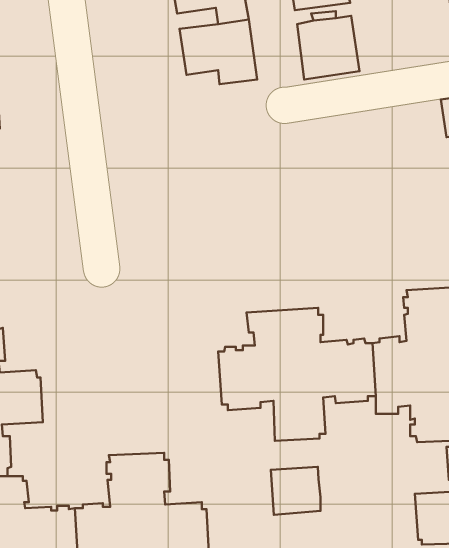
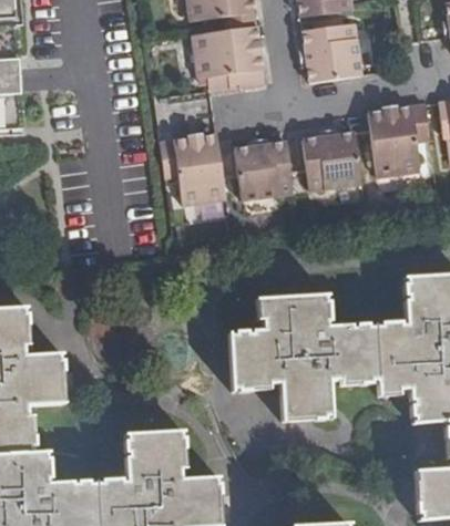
building: none -> [369,103,431,176]
building: none -> [303,131,362,189]
building: none -> [162,133,227,205]
building: none -> [235,141,295,199]
building: [271,467,320,515] -> none

